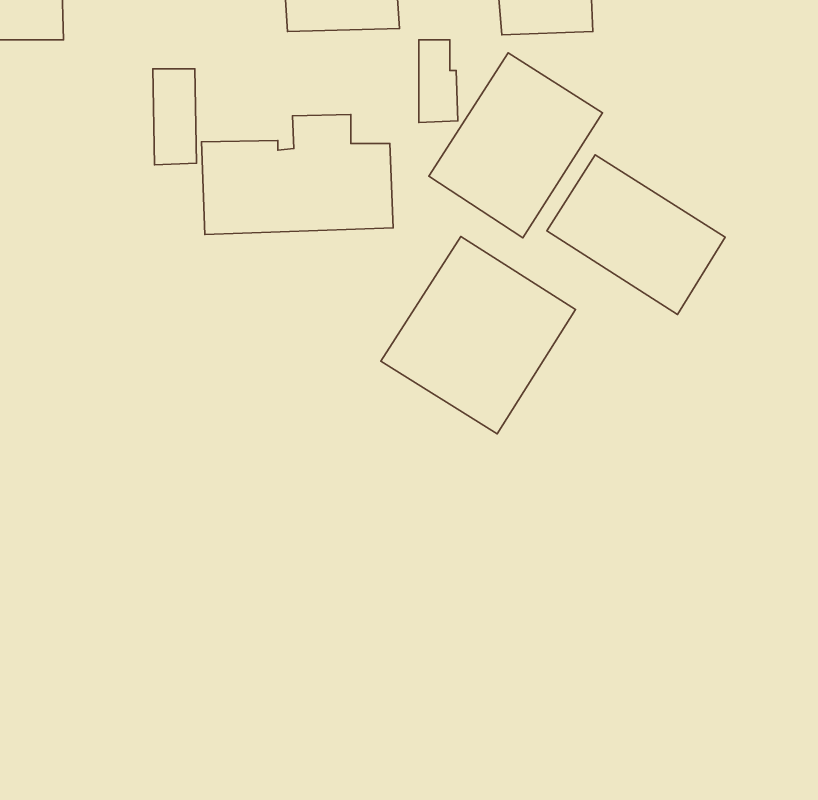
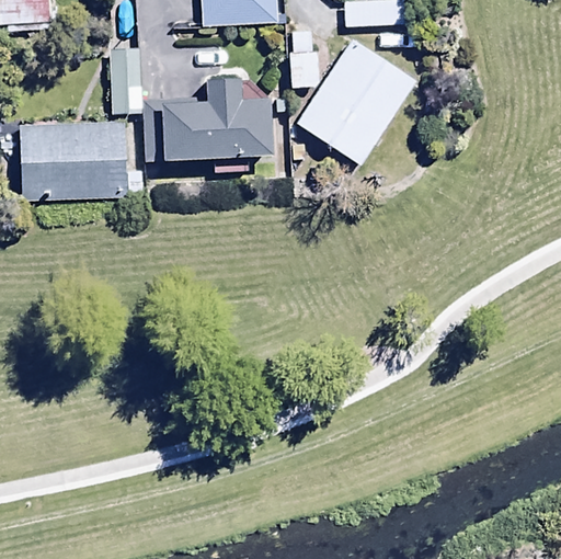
building: [547,155,725,315] -> none
building: none -> [20,127,127,202]
building: [381,236,575,434] -> none

